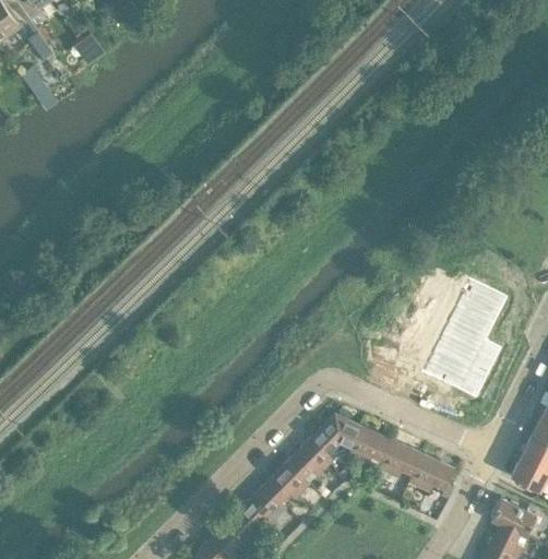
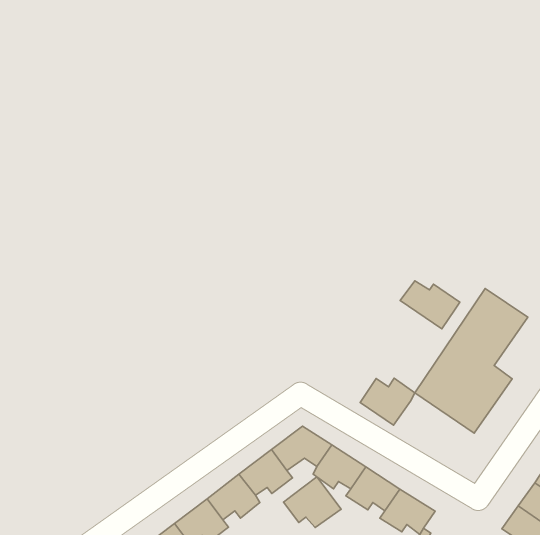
building: none -> [400,281,460,329]
building: none -> [360,378,415,425]
building: none -> [283,477,341,528]

